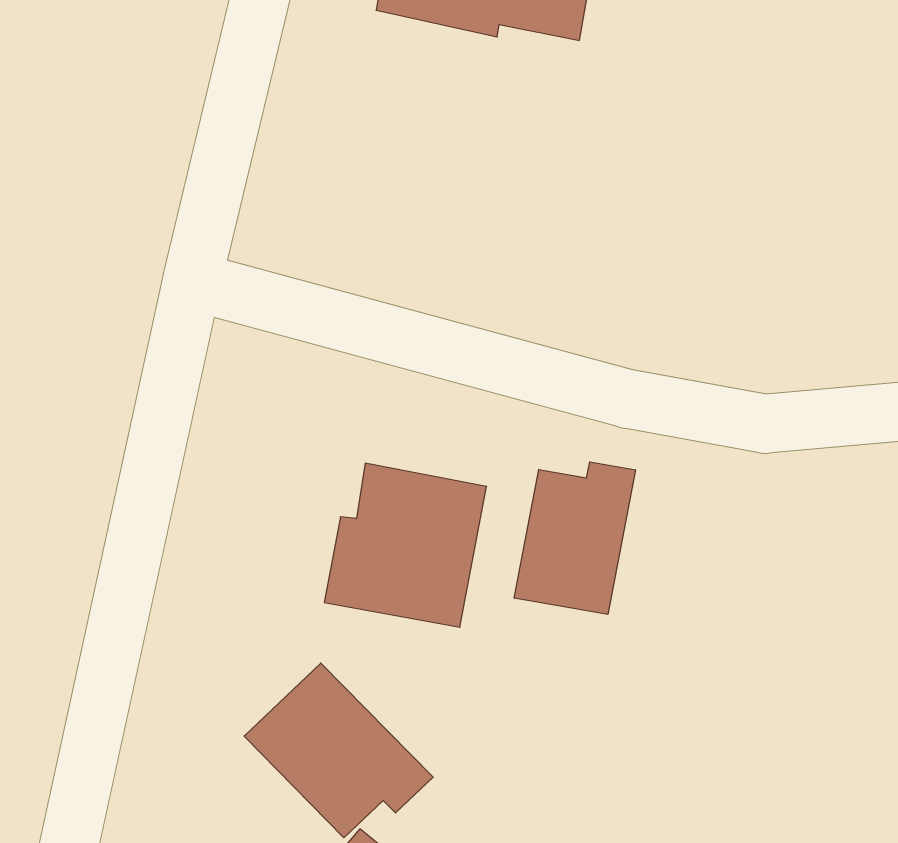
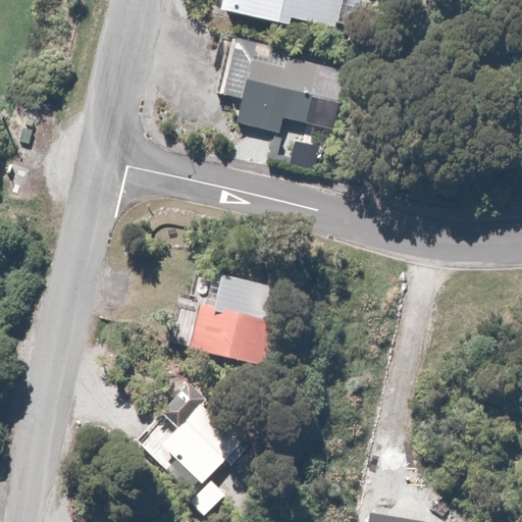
building: none -> [221,41,320,130]
building: [514,462,635,614] -> none

